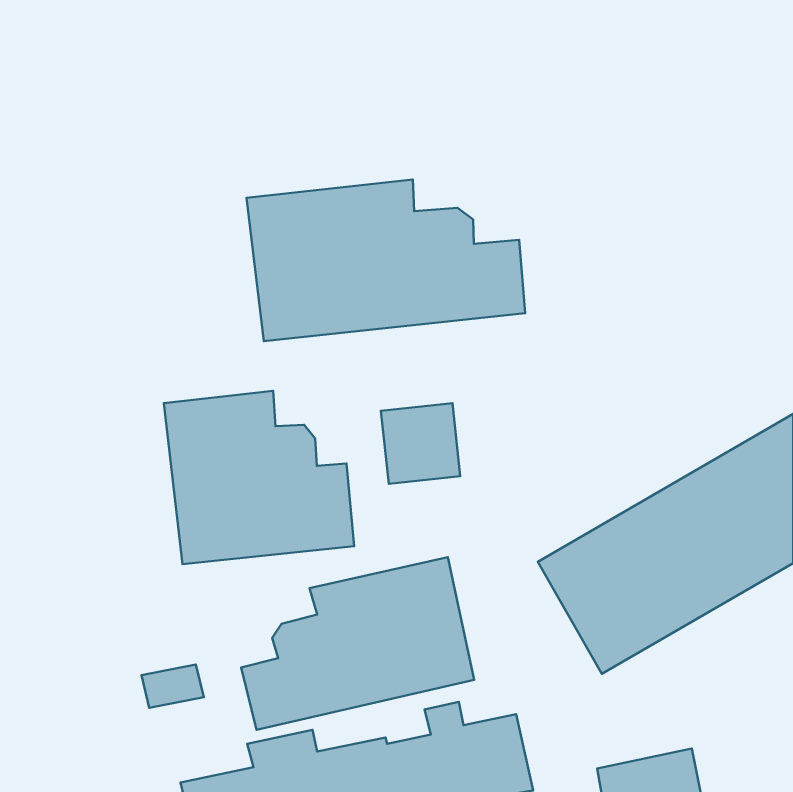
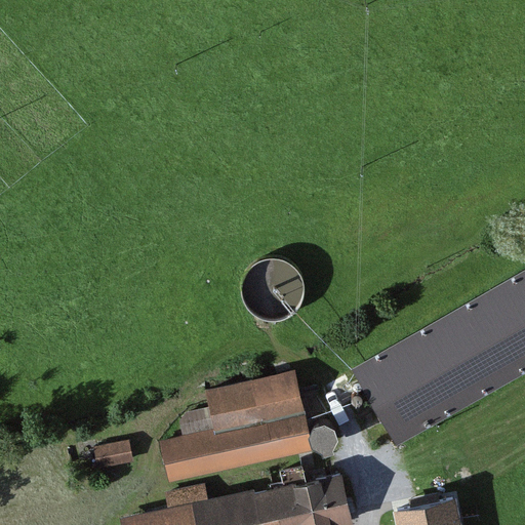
building: [247,179,525,341] -> none
building: [164,391,354,564] -> none

